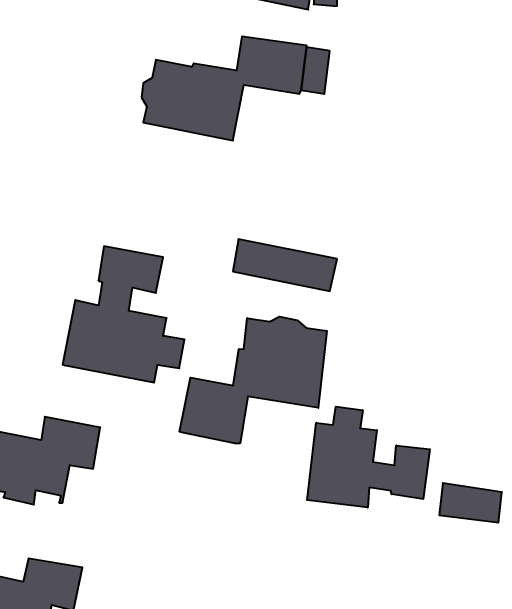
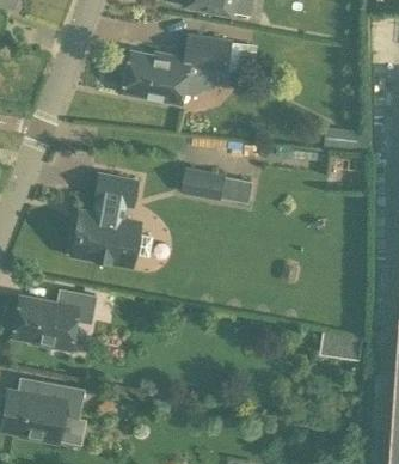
building: [180,317,327,444] -> none
building: [307,407,430,508] -> none

